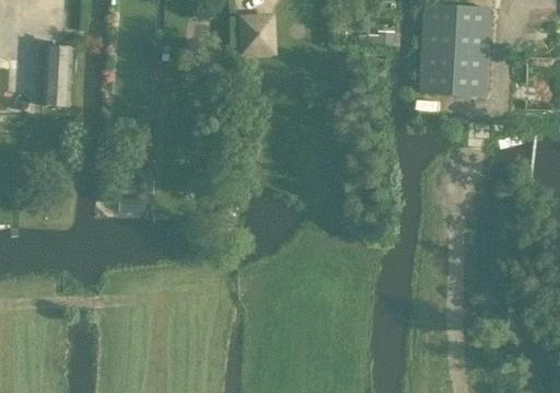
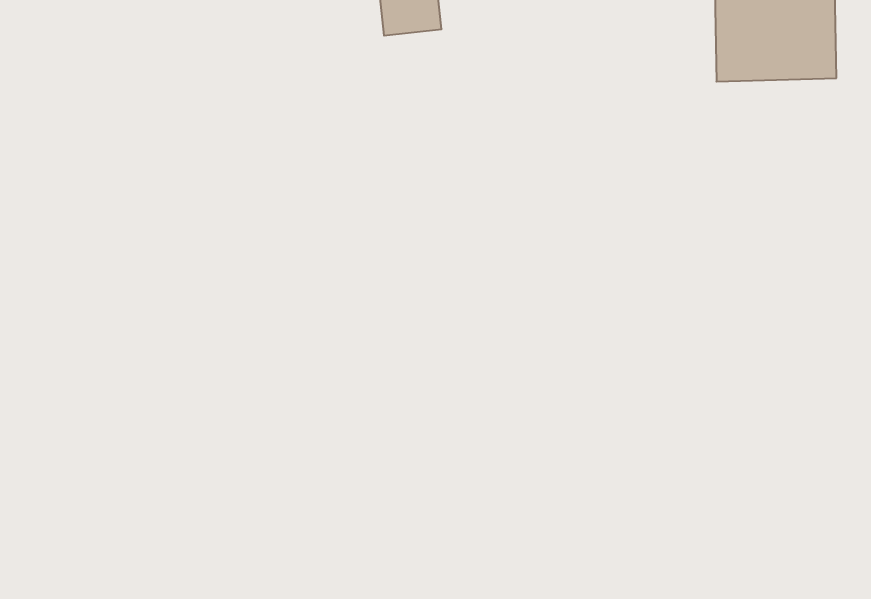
building: [39,46,69,106] -> none

